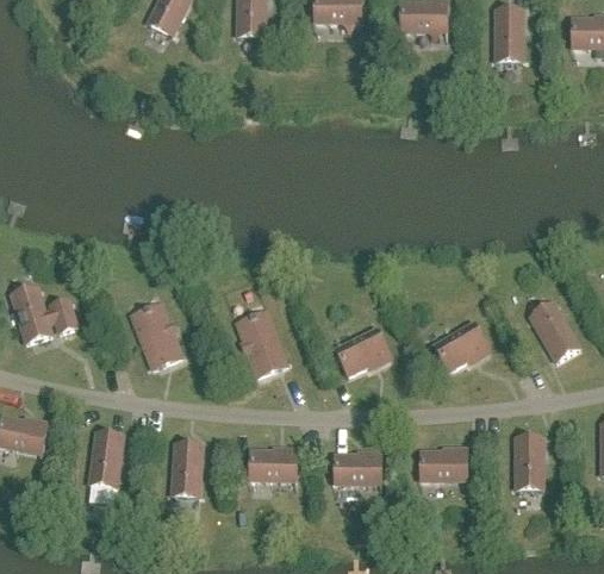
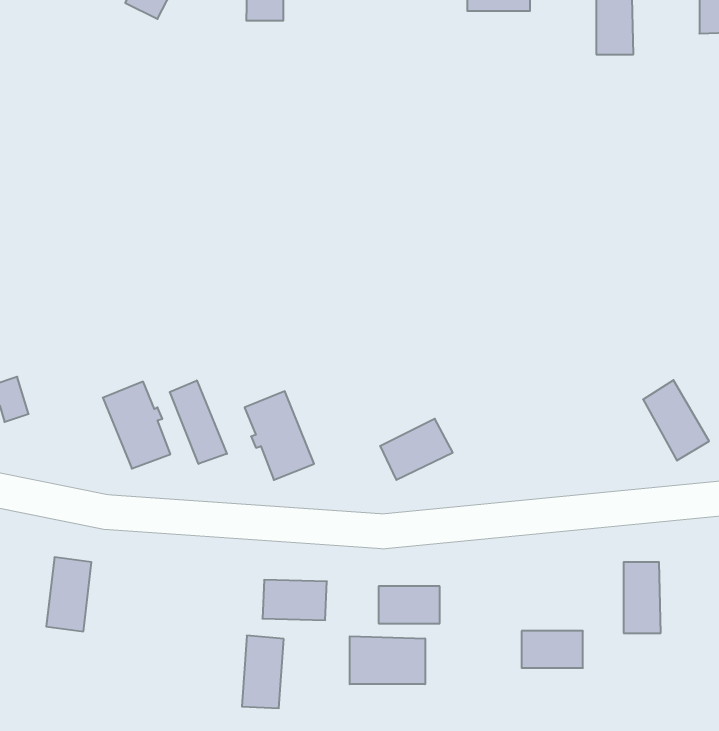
building: none -> [170,380,227,464]
building: [434,324,488,370] -> none
building: [172,443,203,497] -> [242,636,284,708]
building: [421,450,466,478] -> [522,631,583,668]
building: none -> [350,636,425,684]

